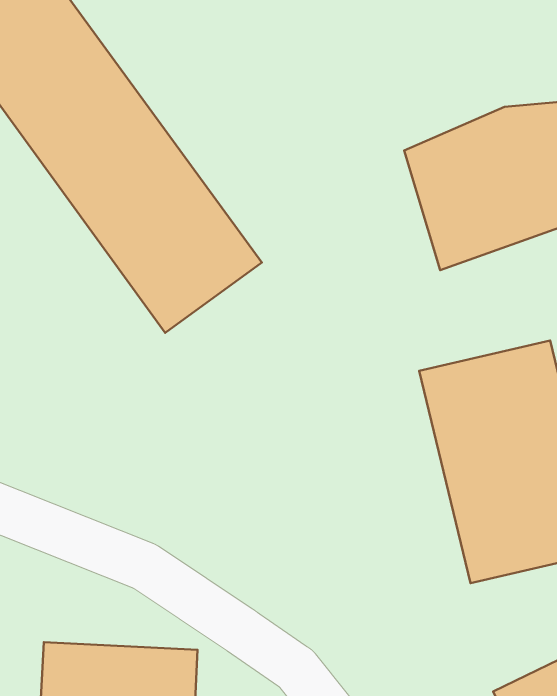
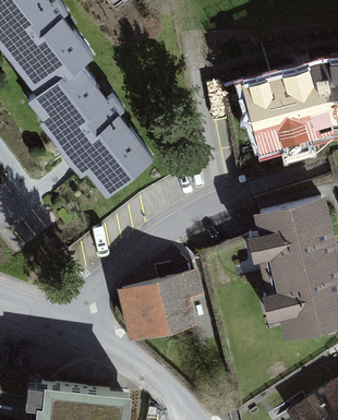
building: none -> [119,272,198,336]

